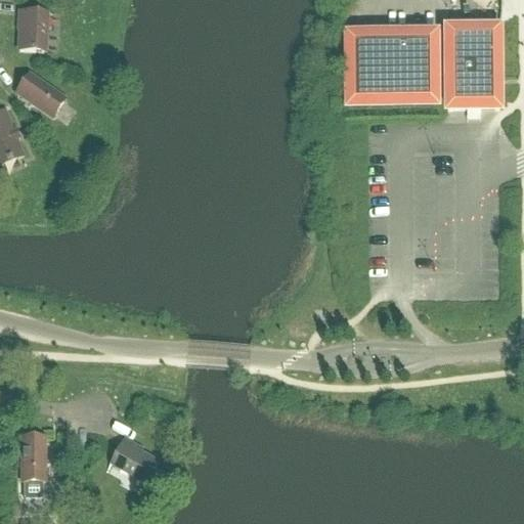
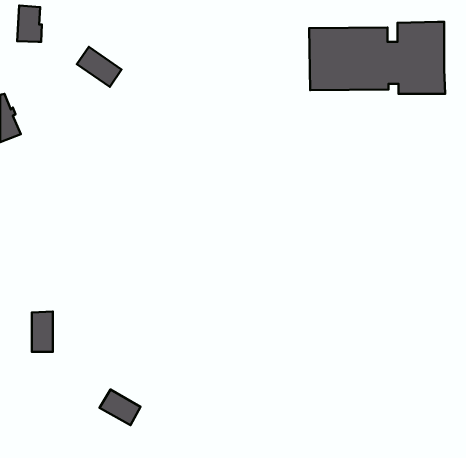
building: [16,69,67,114] -> [77,47,122,87]
building: [21,432,45,477] -> [32,312,53,352]

